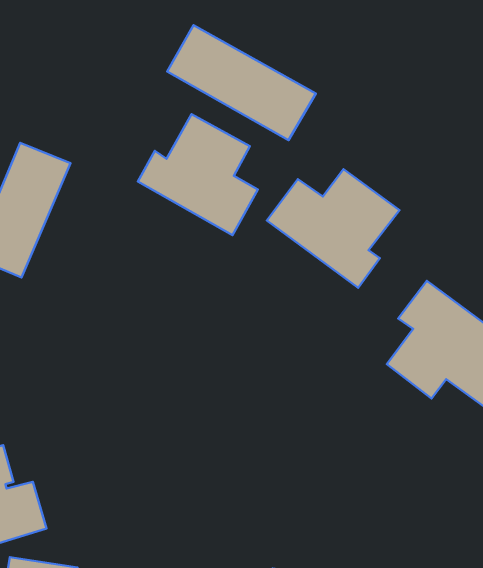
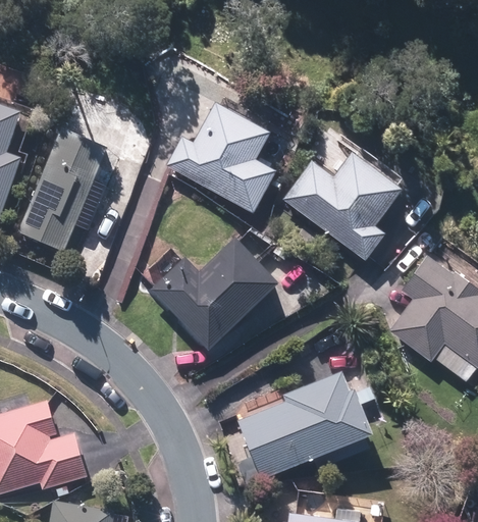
building: [167,25,316,140] -> none
building: none -> [151,240,278,350]
building: none -> [237,370,370,477]

